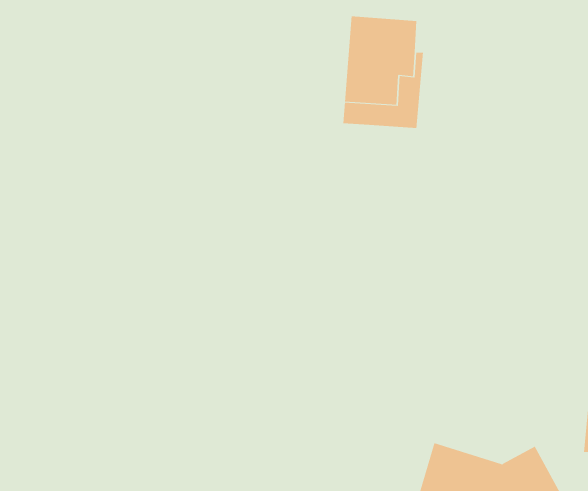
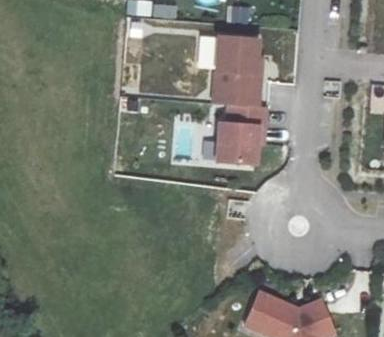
building: none -> [215,103,264,162]

